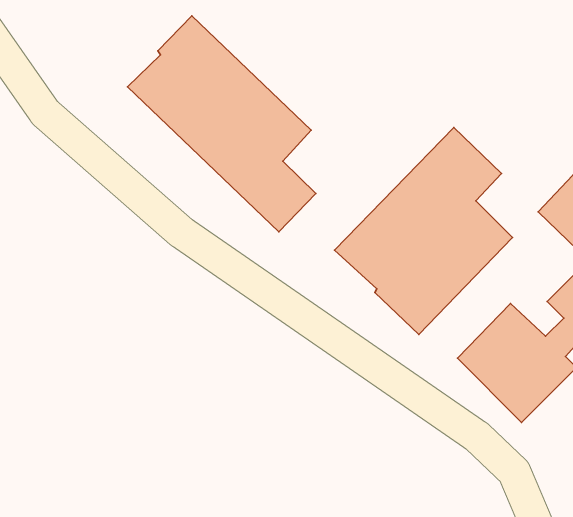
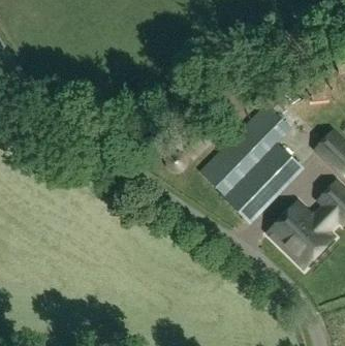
building: [127,16,316,232] -> none

